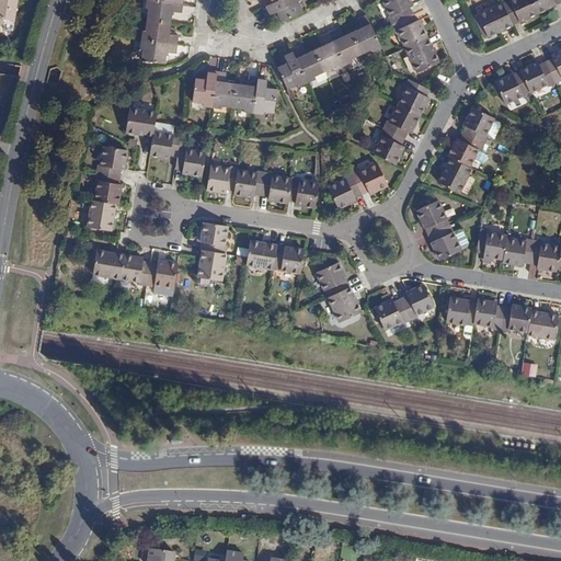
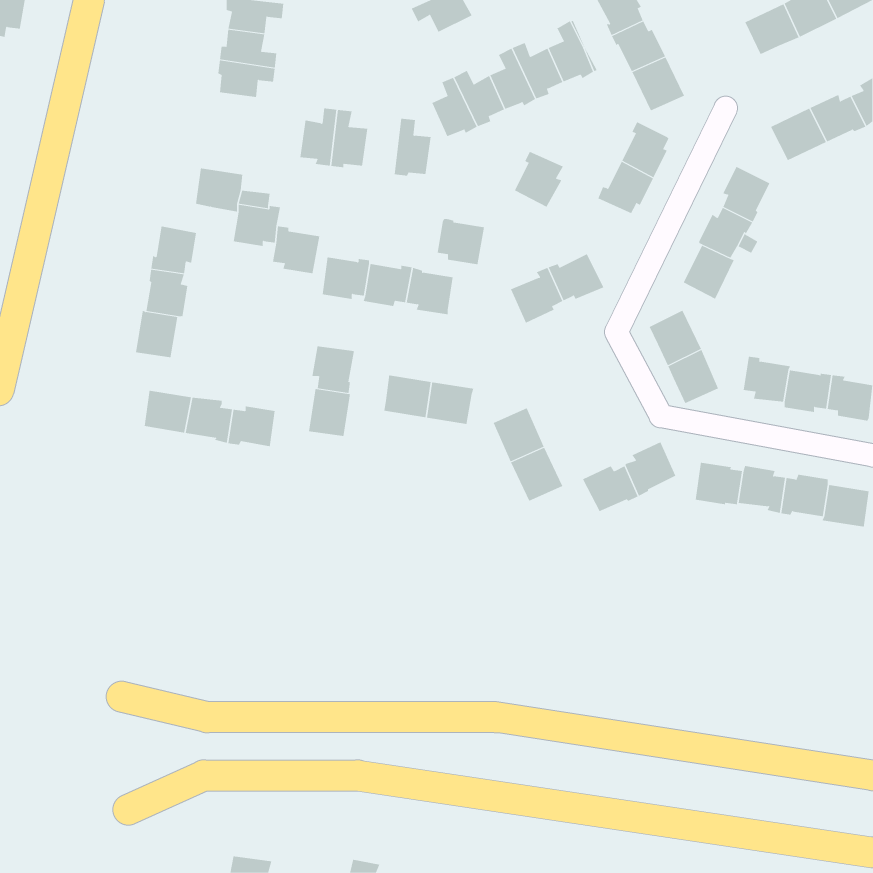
building: [232,75,256,112] -> none
building: [373,127,404,163] -> [514,151,564,208]
building: [287,176,318,206] -> [437,219,485,265]

